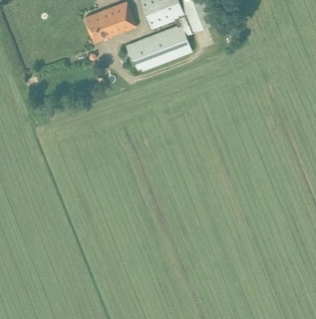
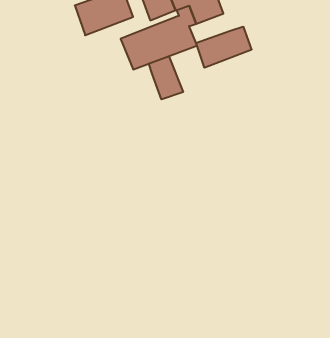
building: none -> [196,27,252,68]
building: none -> [149,56,183,99]

